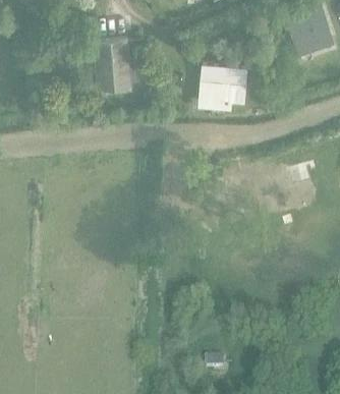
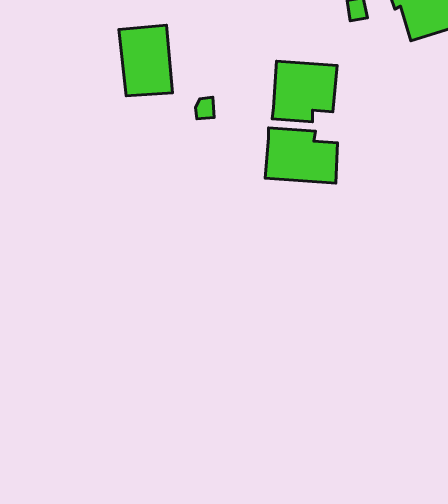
building: none -> [265,128,337,183]

